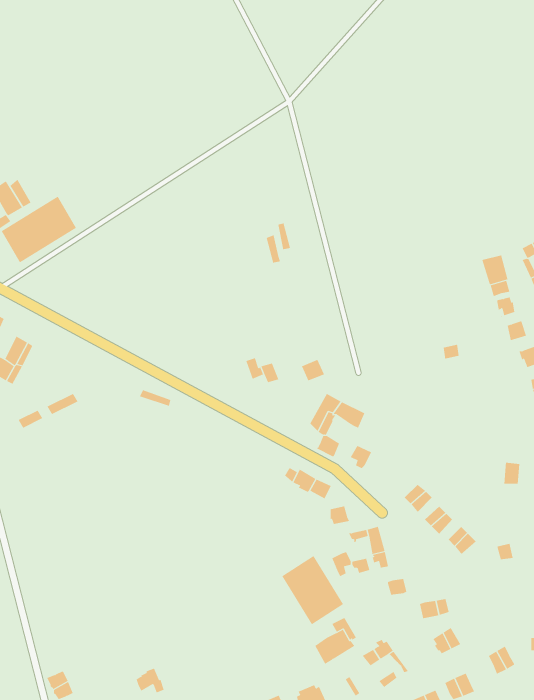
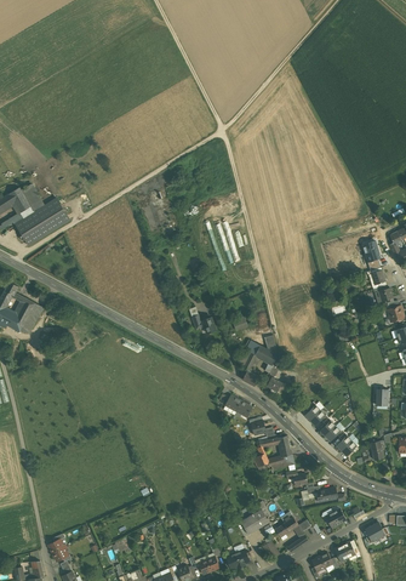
building: [282,555,344,625] -> none

